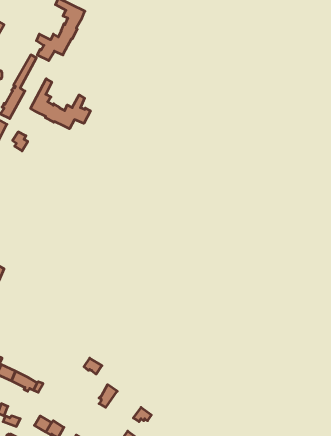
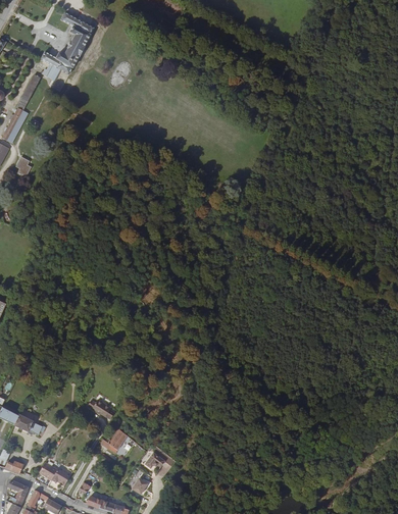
building: [31,79,90,129] -> none

